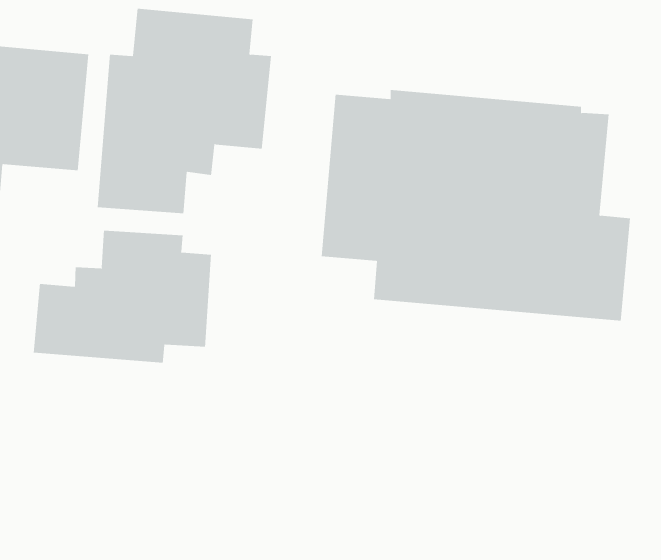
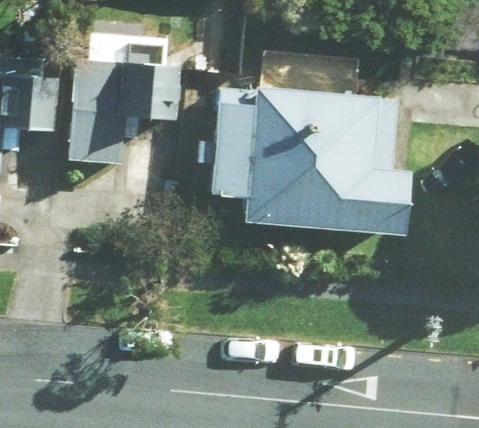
building: [33,230,212,363] -> none

